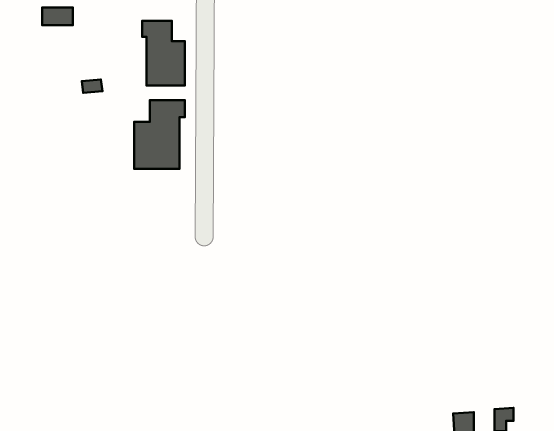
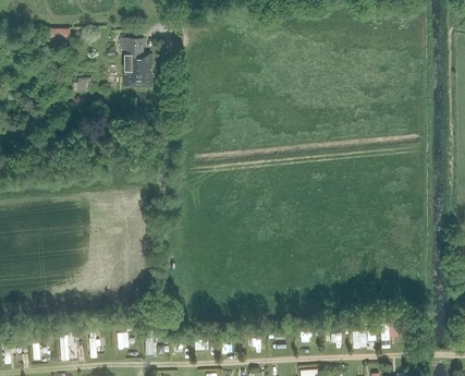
building: [134,100,185,169] -> none

